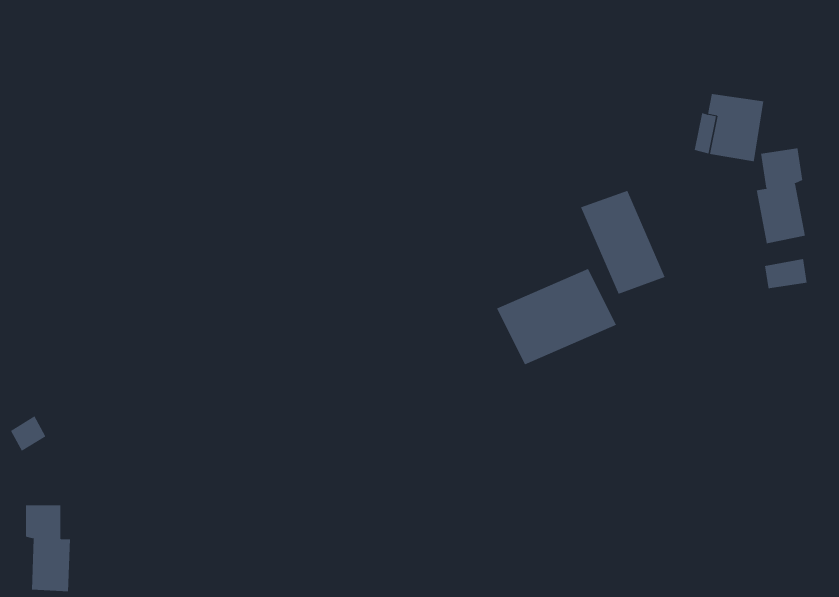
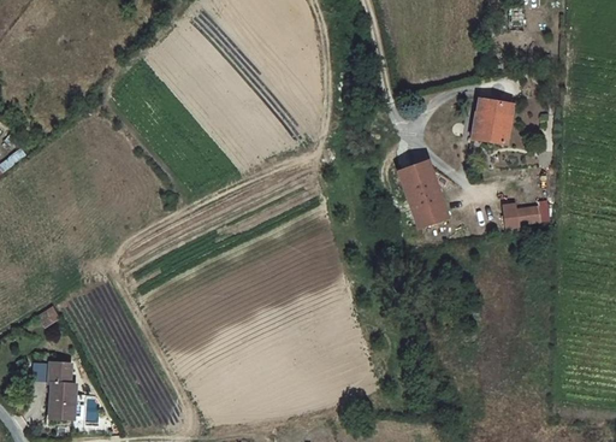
building: [756,148,805,244] -> none
building: [496,268,617,365] -> none

